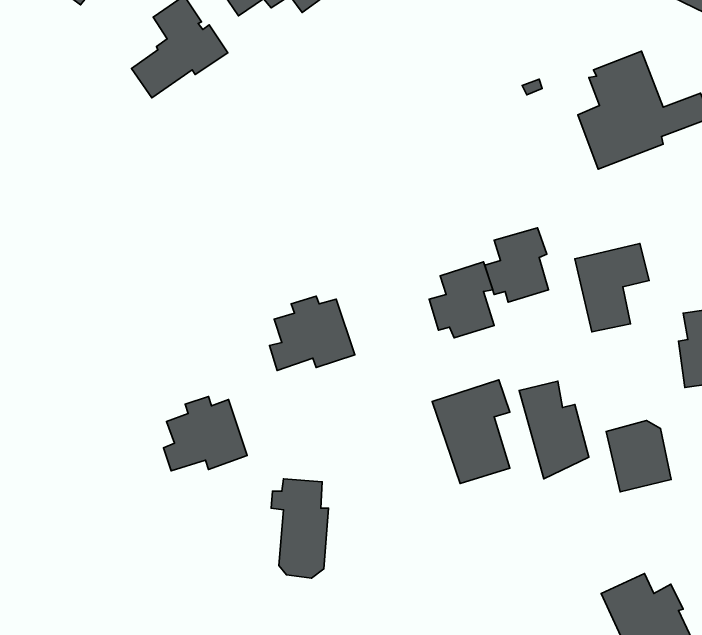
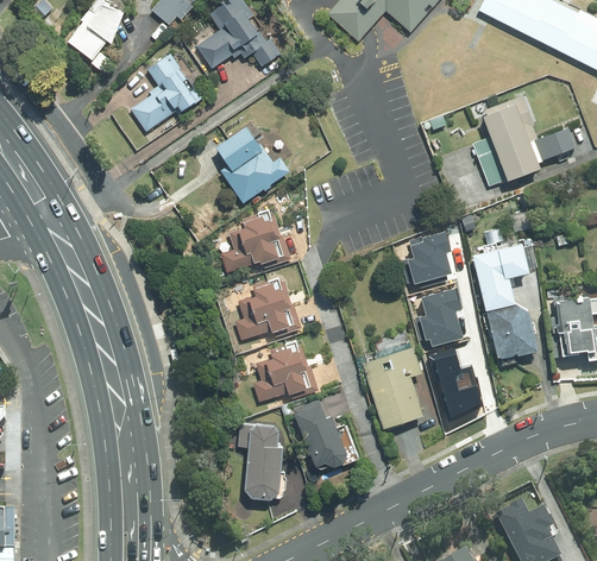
building: none -> [215,126,288,202]
building: none -> [221,213,290,272]
building: [429,262,494,338] -> [415,289,465,347]
building: [163,397,247,471] -> [254,343,319,401]
building: [606,421,671,492] -> [486,304,536,359]
building: none -> [293,399,348,468]

